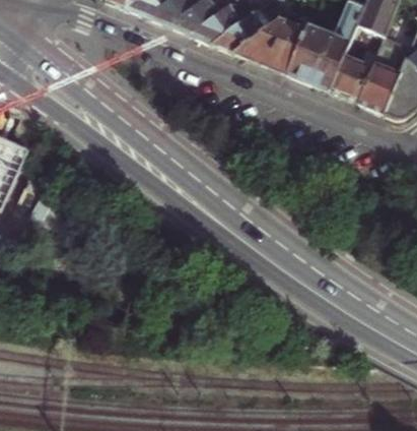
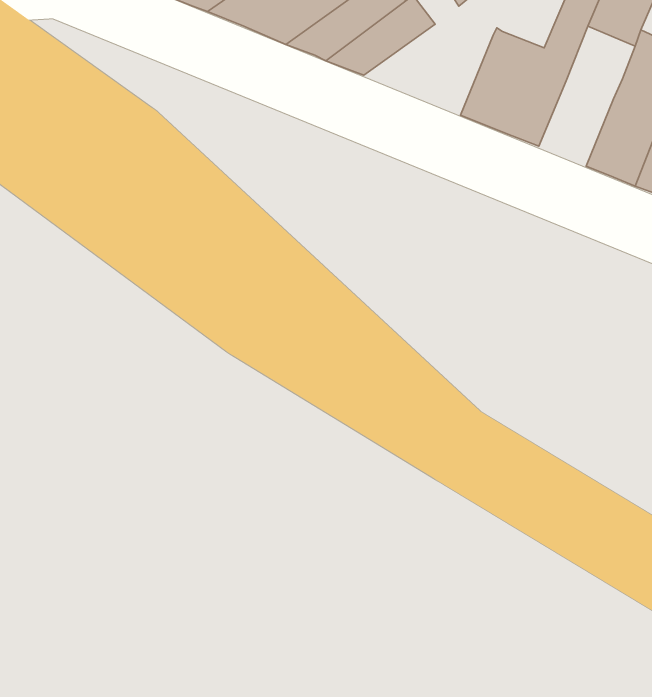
building: [233,23,305,79] -> none
building: [331,60,372,108] -> none

